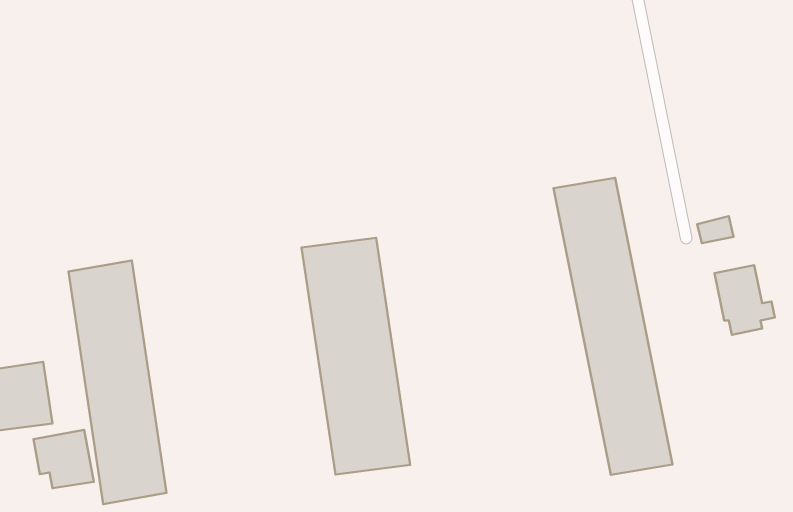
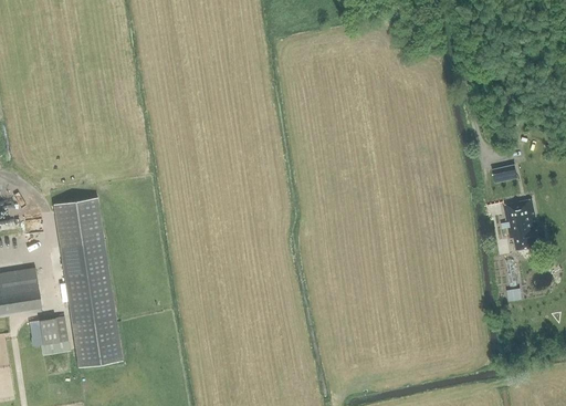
building: [554,178,673,475] -> none
building: [301,238,410,475] -> none

